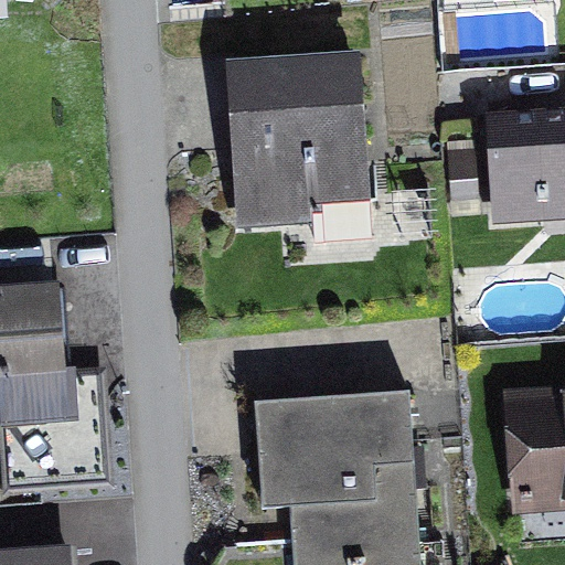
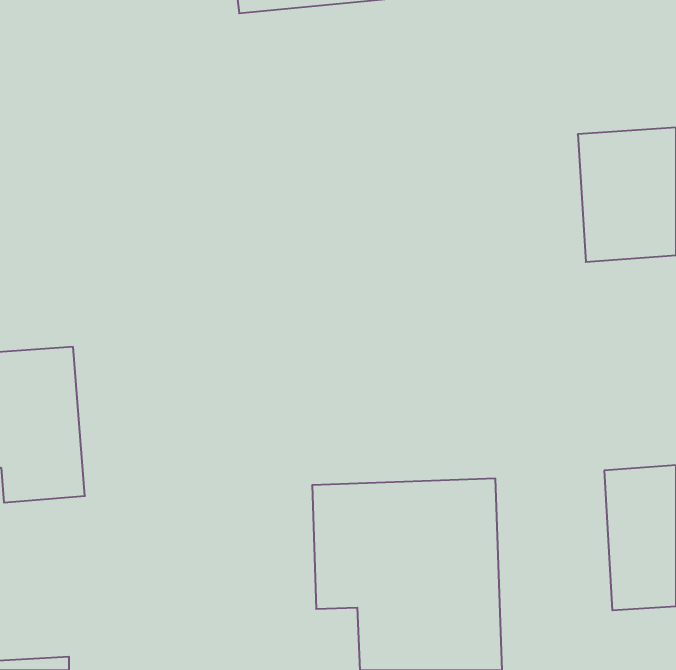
building: [226,56,372,221] -> none

